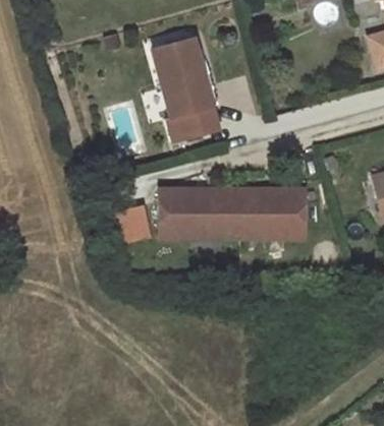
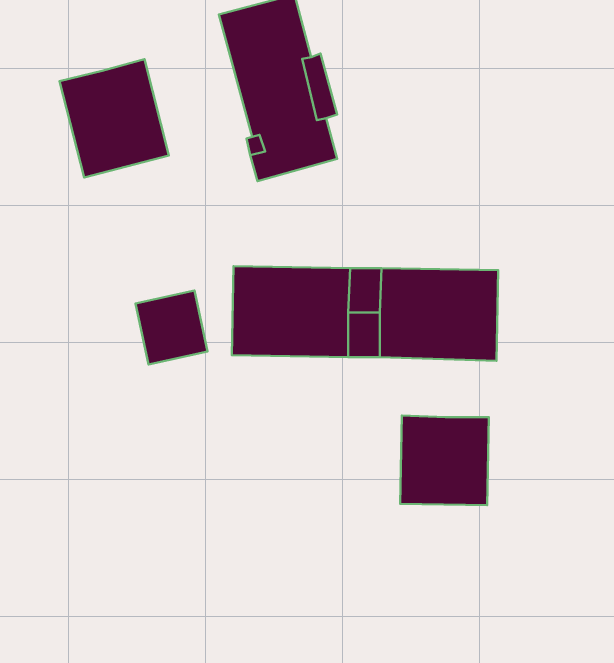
building: none -> [60,59,169,177]
building: none -> [400,416,489,505]

